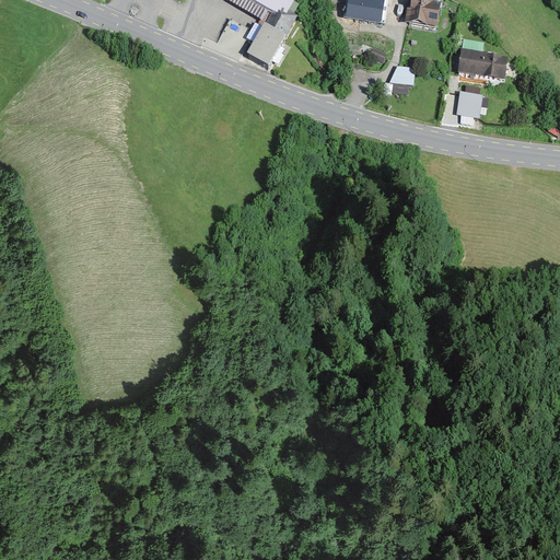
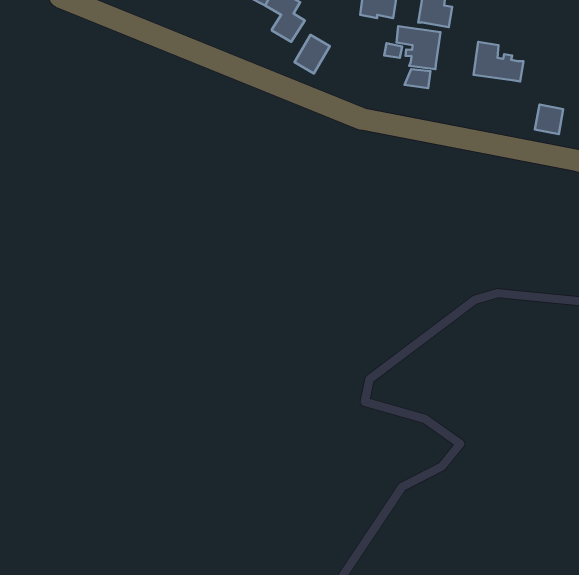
building: none -> [397,26,441,69]
building: [247,30,281,67] -> [295,35,330,73]
building: [457,91,485,119] -> [535,105,563,134]

